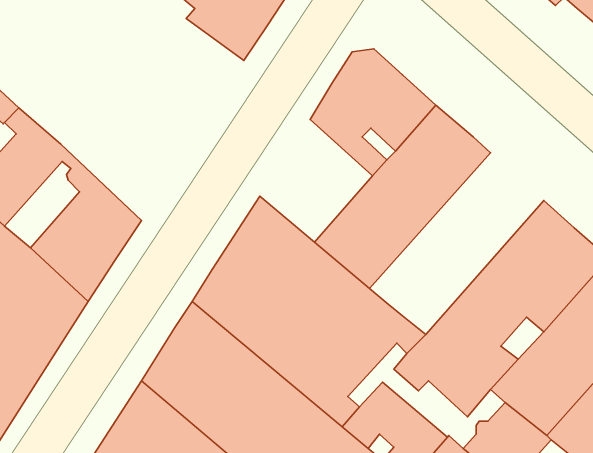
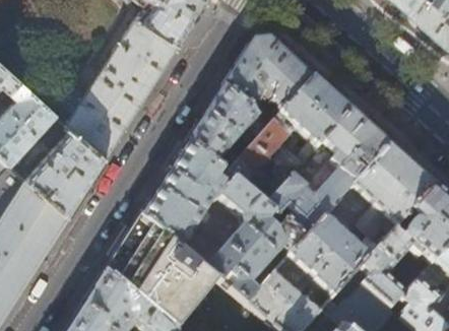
building: none -> [46,19,175,161]
building: none -> [186,90,265,177]
building: none -> [263,114,386,242]

